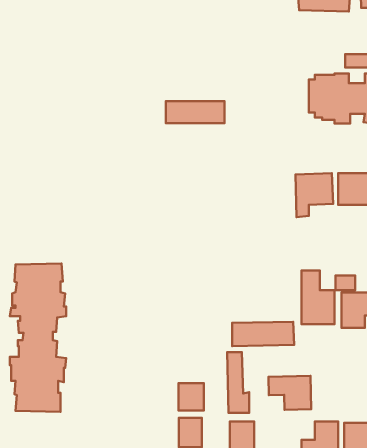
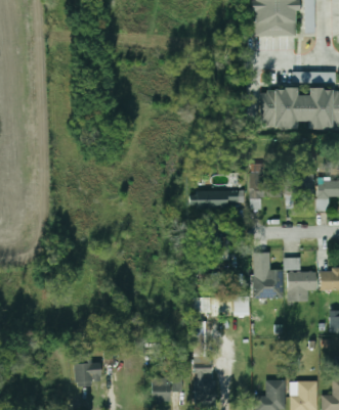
building: [166,101,224,123] -> [197,190,246,209]
building: [10,263,66,412] -> none
building: [268,376,311,410] -> none
building: [179,383,204,411] -> none
building: none -> [75,360,100,384]

